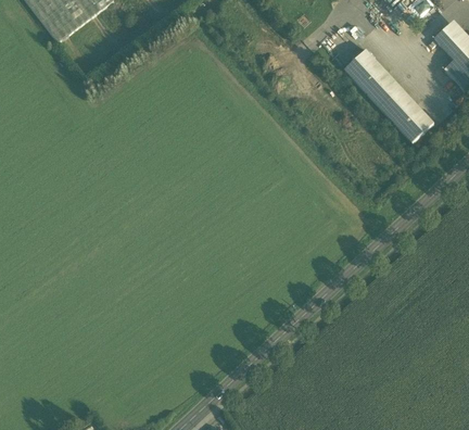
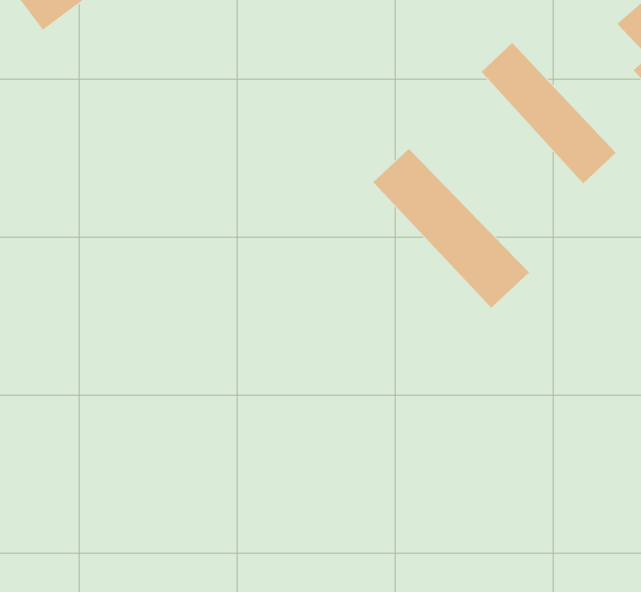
building: none -> [372,148,530,308]

